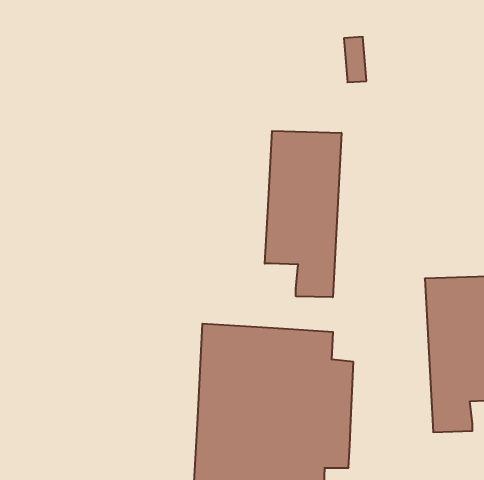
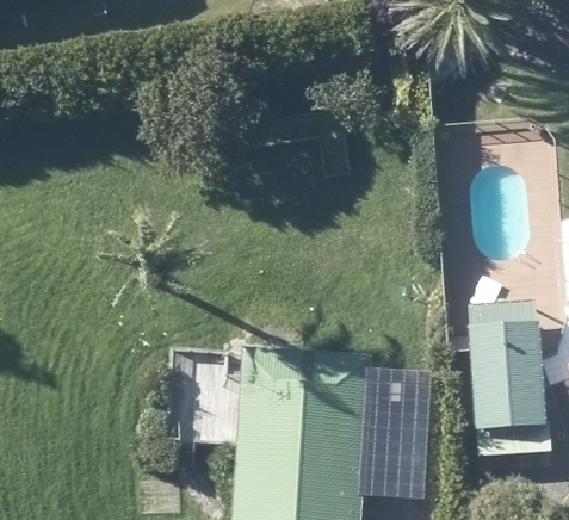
building: [265,131,341,297] -> none

